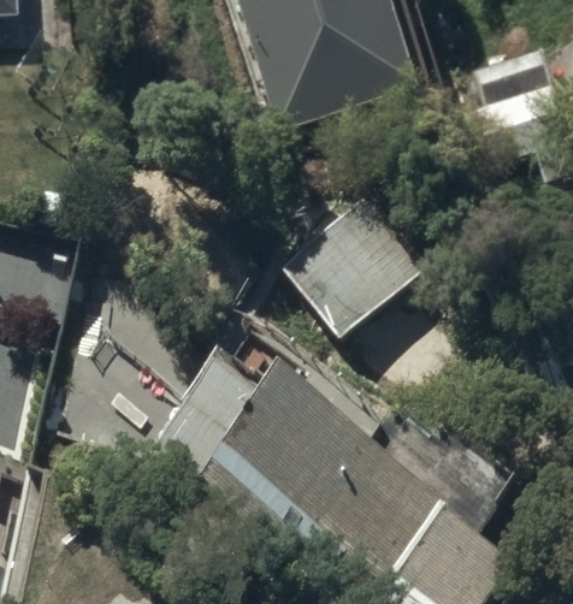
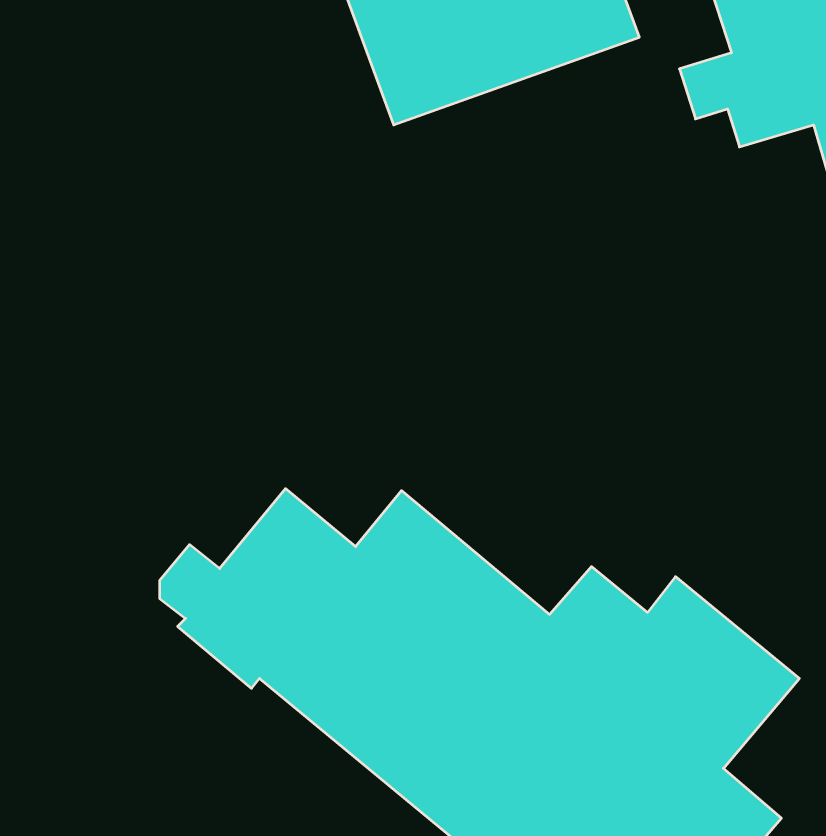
building: [271,180,425,334] -> none

